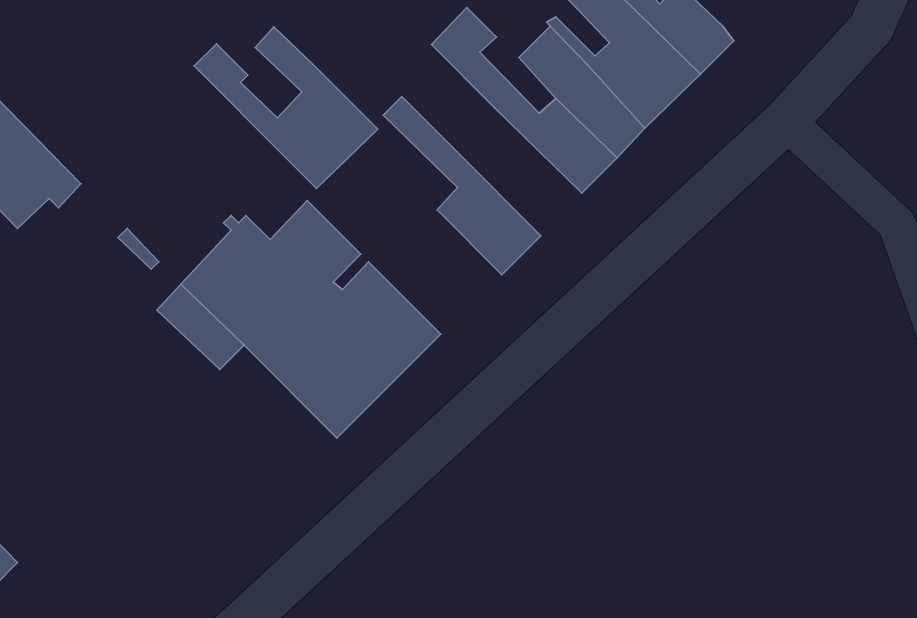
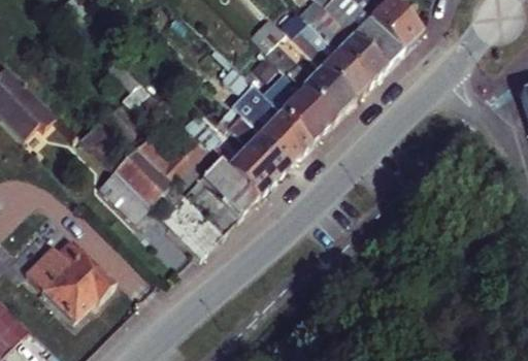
building: [194,27,378,188] -> [189,106,291,196]
building: none -> [264,70,335,141]
building: none -> [27,242,114,317]

